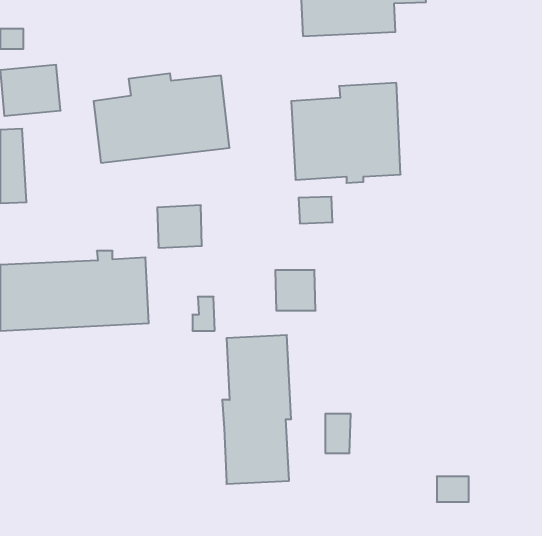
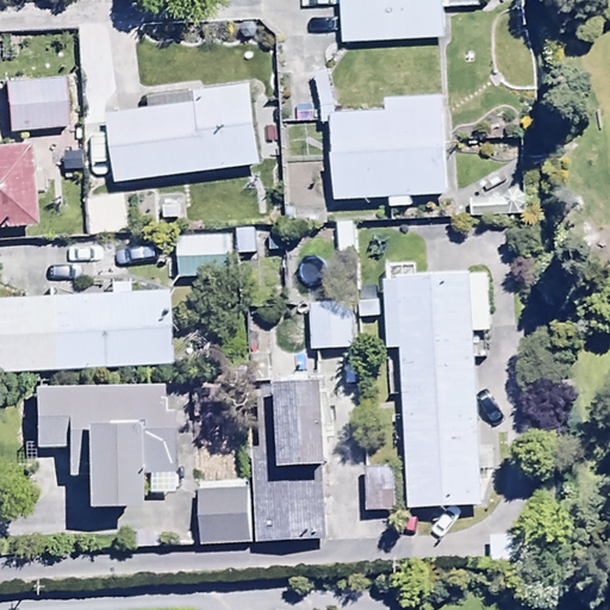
building: none -> [382,262,490,509]
building: none -> [32,382,172,509]
building: none -> [197,480,255,542]

